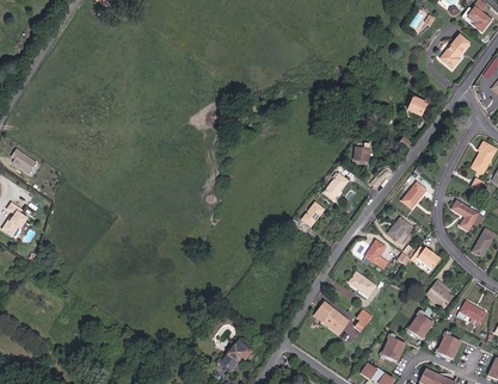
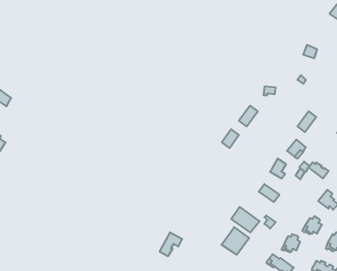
building: none -> [221,227,249,255]

